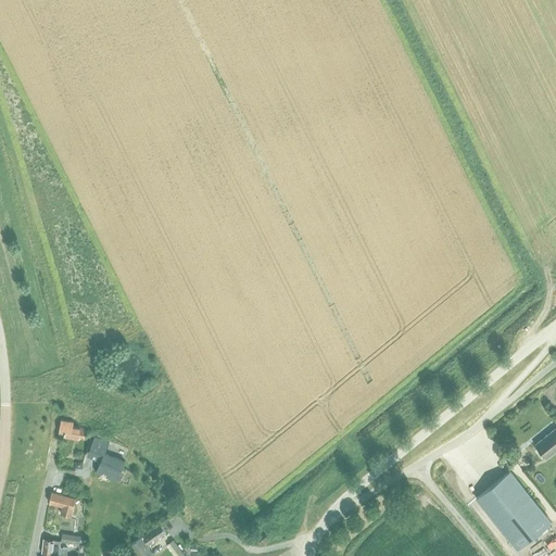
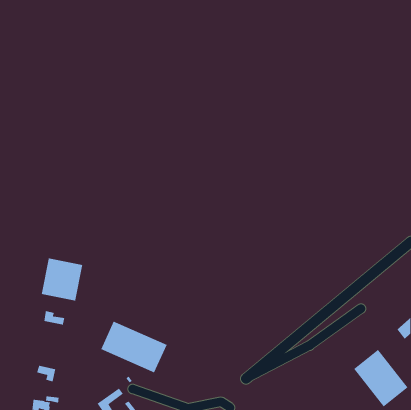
building: none -> [41,257,83,302]
building: none -> [100,320,168,374]
building: [89,440,124,479] -> none

